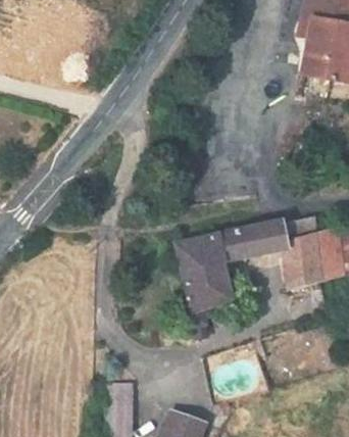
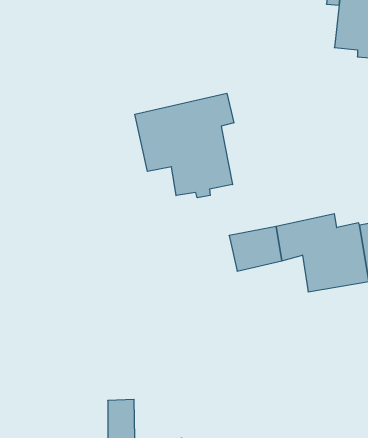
building: none -> [135,93,234,198]
building: [169,236,227,343] -> none

